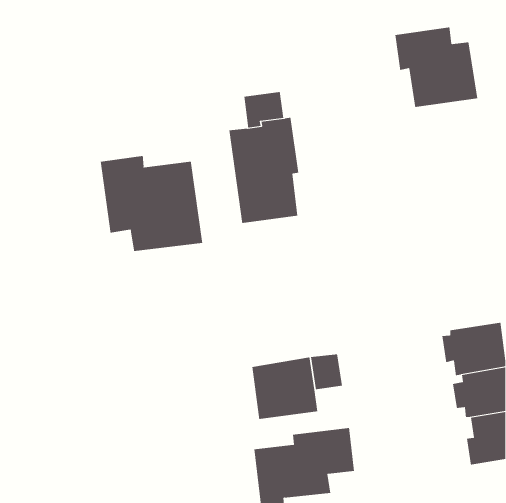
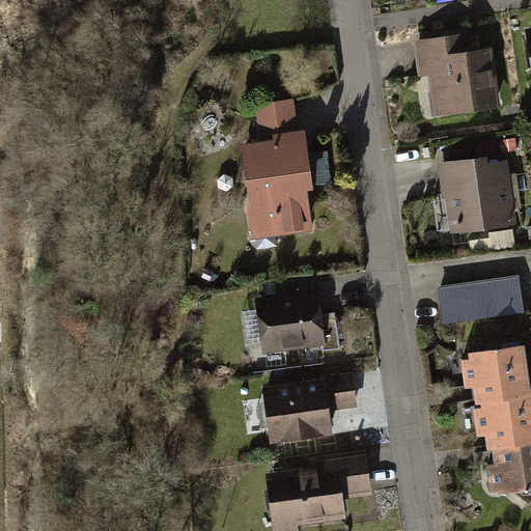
building: none -> [437,156,516,233]
building: [100,155,203,252] -> none
building: none -> [438,277,524,325]
building: none -> [254,290,325,355]

